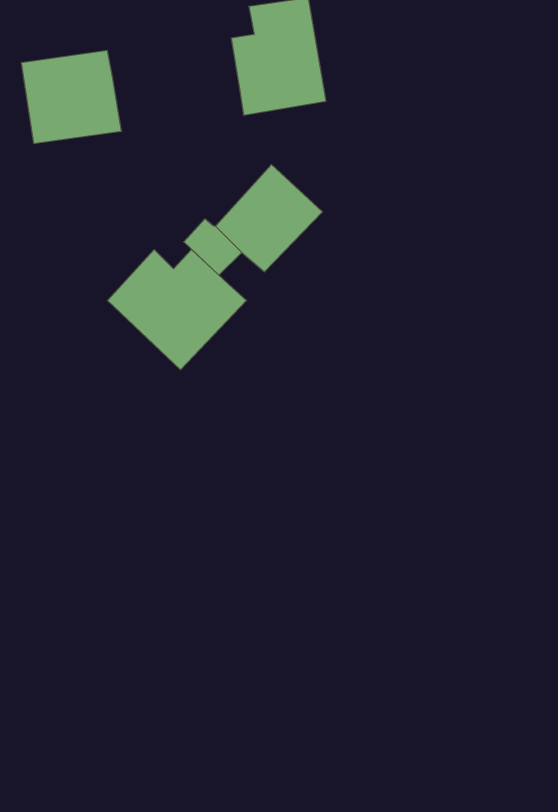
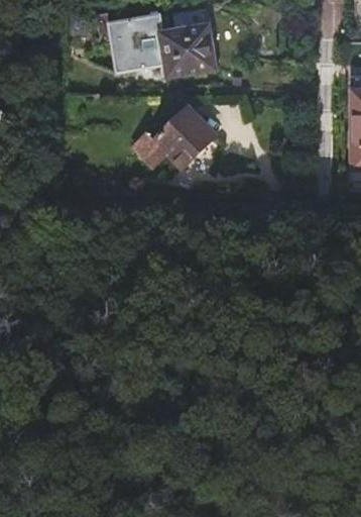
building: [21,50,122,144] -> [109,15,166,69]
building: [107,249,247,370] -> none

